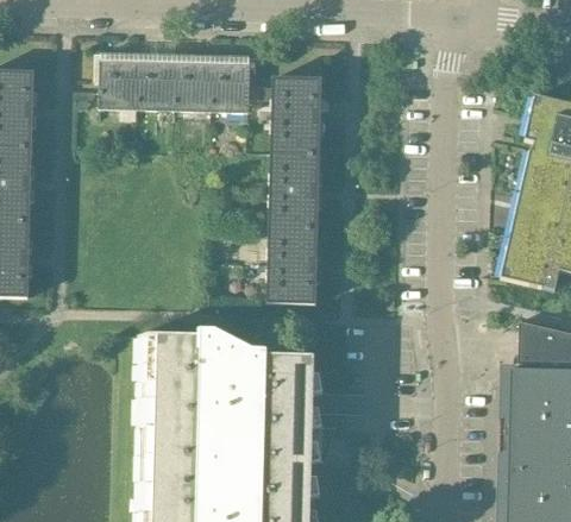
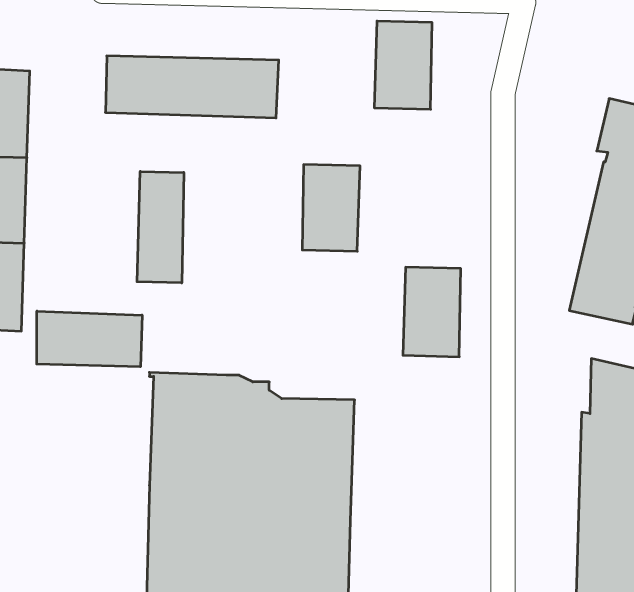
building: [271,77,321,153] -> [374,21,432,109]
building: none -> [137,171,184,283]
building: [268,226,318,303] -> [403,267,461,357]
building: none -> [37,311,142,367]

